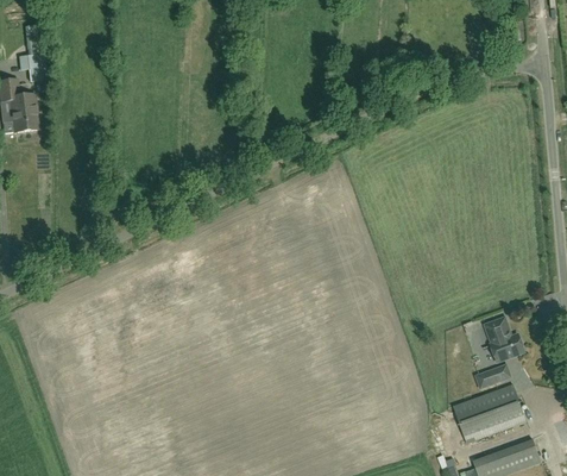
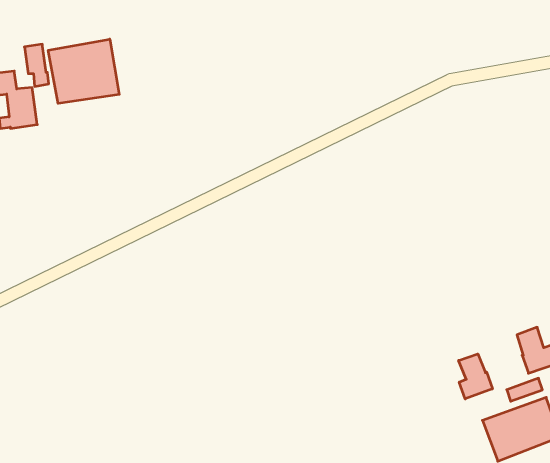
building: none -> [48,39,119,103]
building: none -> [459,354,492,399]

